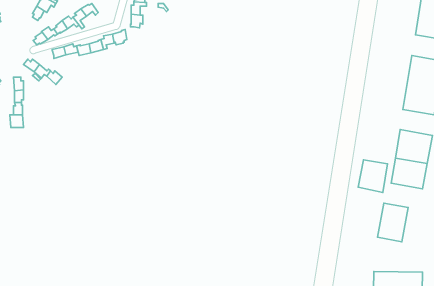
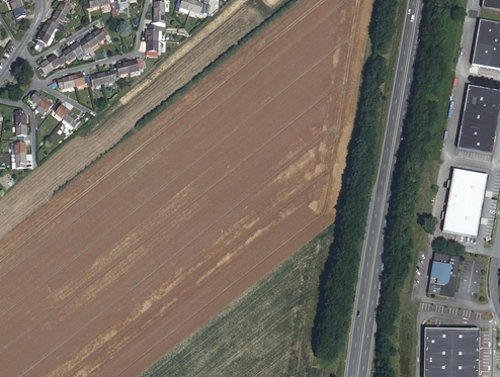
building: [358,160,388,192] -> none

